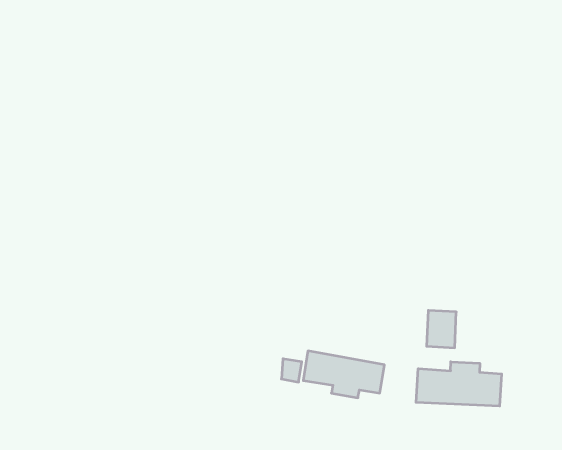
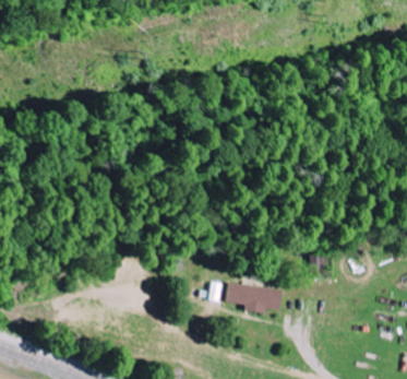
building: [416,362,502,406] -> none

